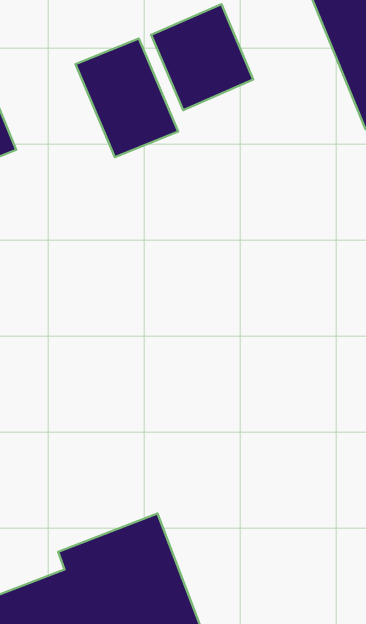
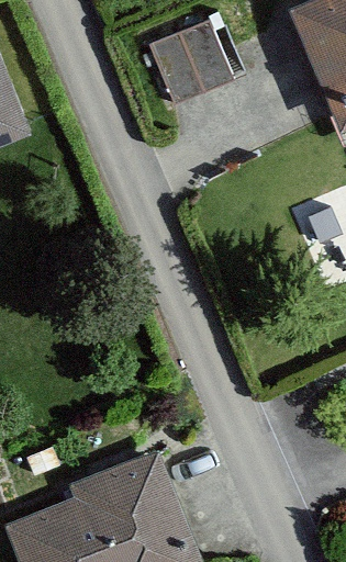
building: [76,39,178,157] -> none

